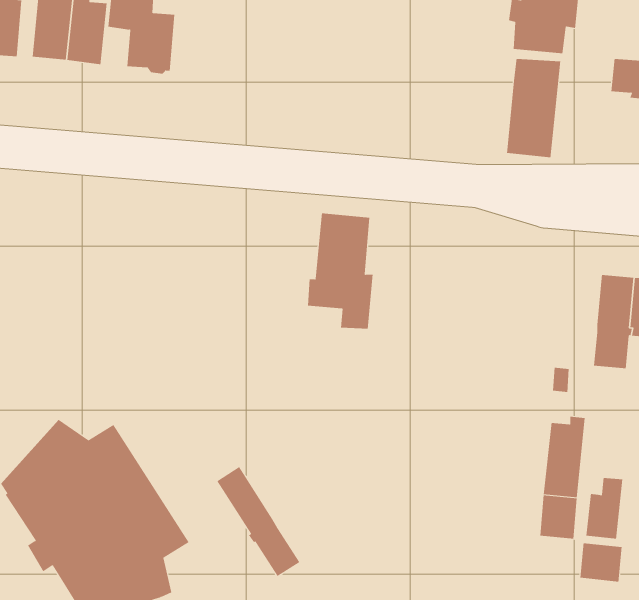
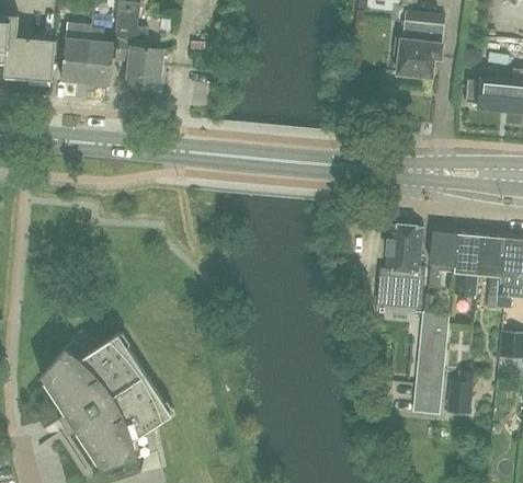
building: [507,58,561,158] -> none
building: [307,213,373,329] -> [378,226,424,307]
building: none -> [428,230,457,289]
building: [216,466,300,577] -> none
building: [580,542,622,582] -> none

